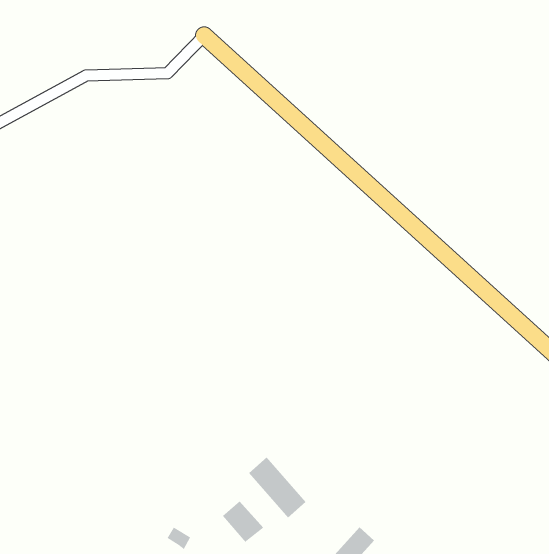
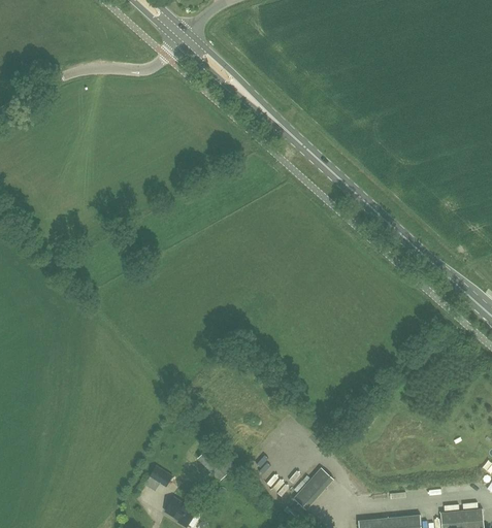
building: [248,457,306,519] -> none

